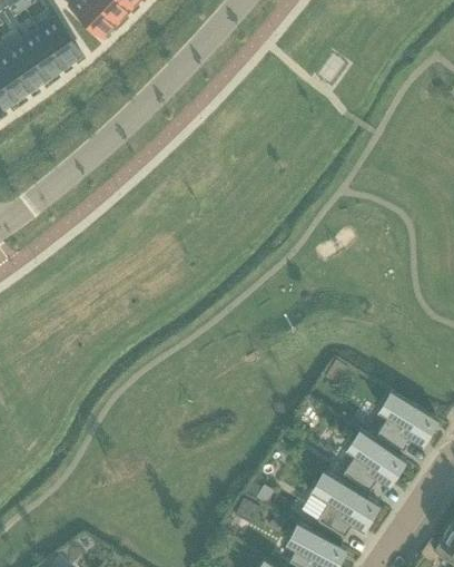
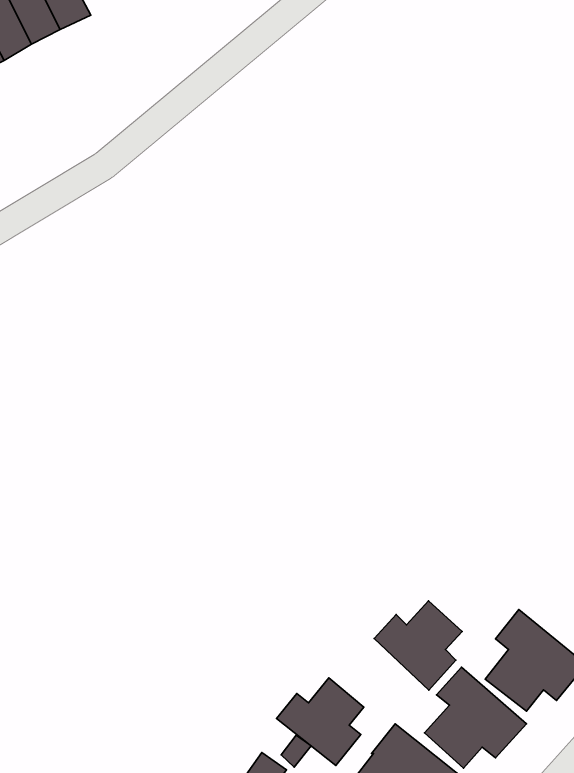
building: none -> [374,601,462,690]
building: none -> [276,678,364,766]

